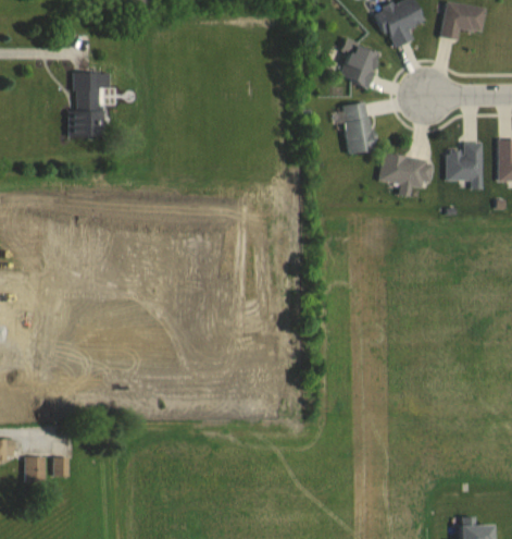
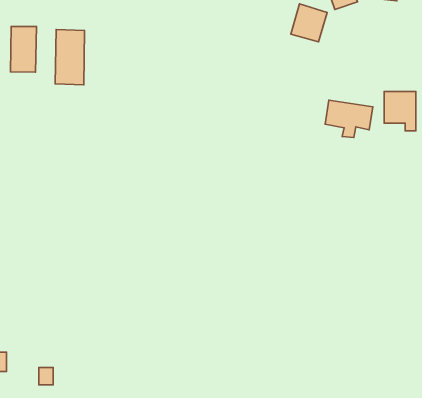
building: none -> [10,26,36,72]
building: [341,101,375,152] -> none
building: [24,457,46,482] -> none

